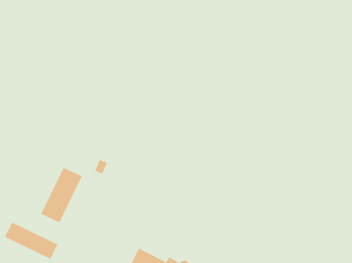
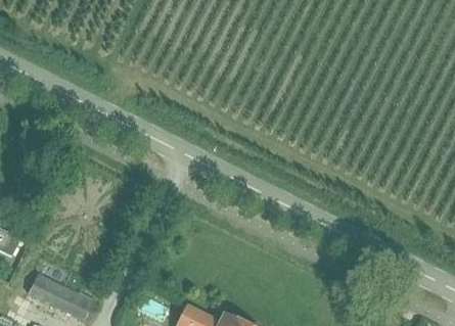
building: [40,167,83,224] -> none

